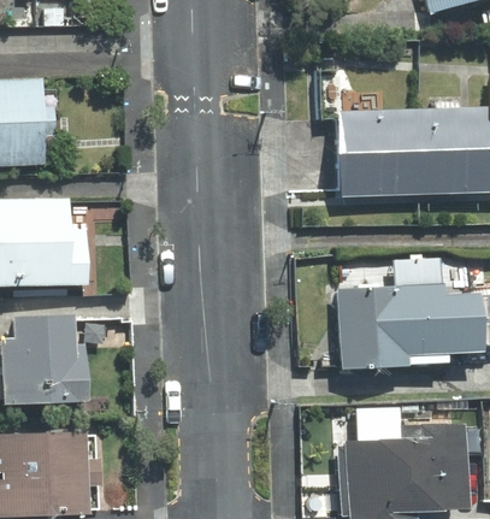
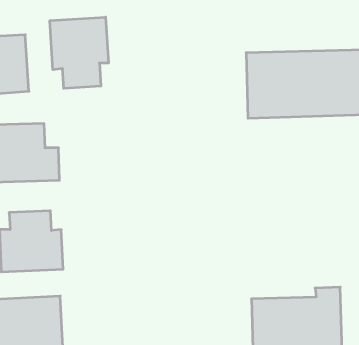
building: none -> [50,17,108,88]
building: [336,281,482,368] -> none

